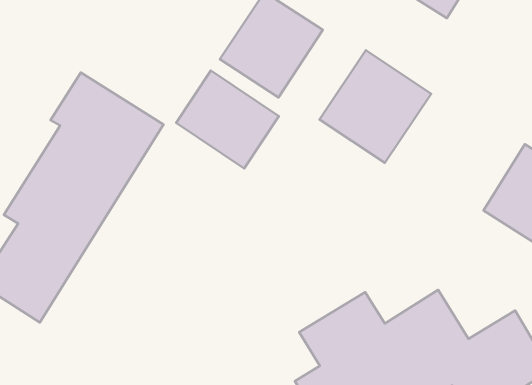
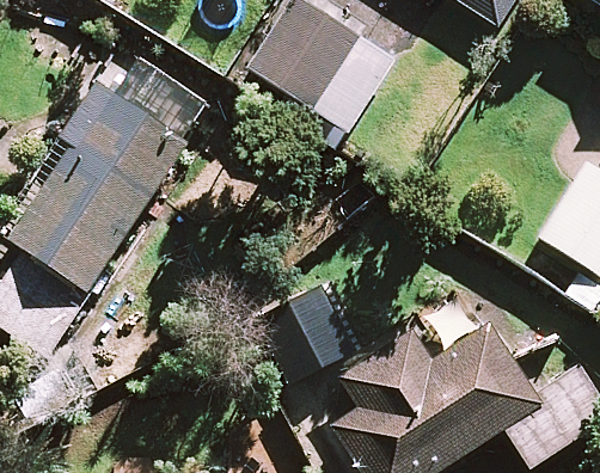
building: [319,50,431,163] -> none
building: [176,70,279,168] -> none

